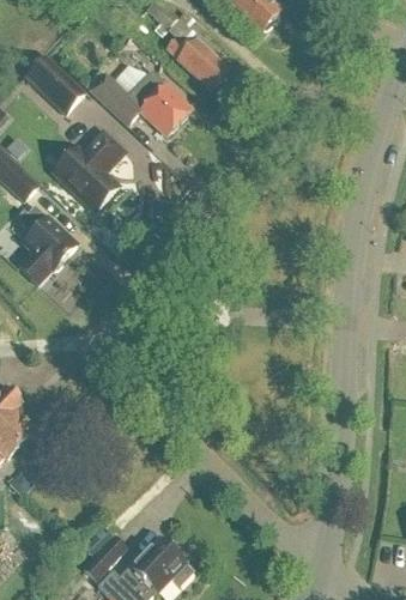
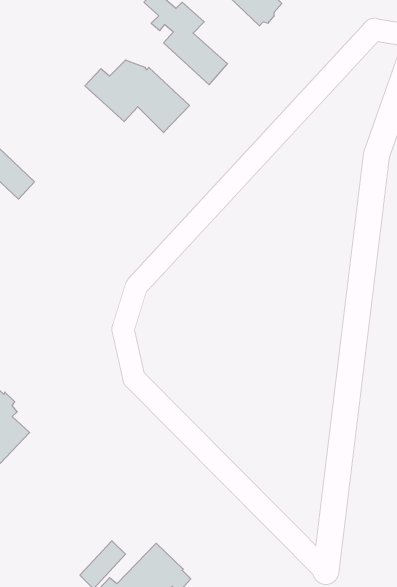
building: [26,53,87,114] -> none
building: [53,129,125,211] -> none
building: [18,204,79,284] -> none

